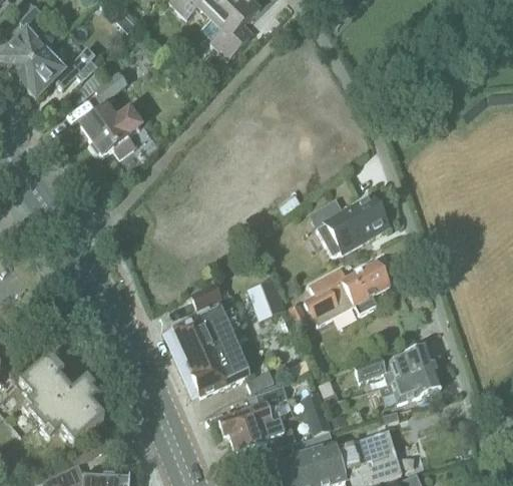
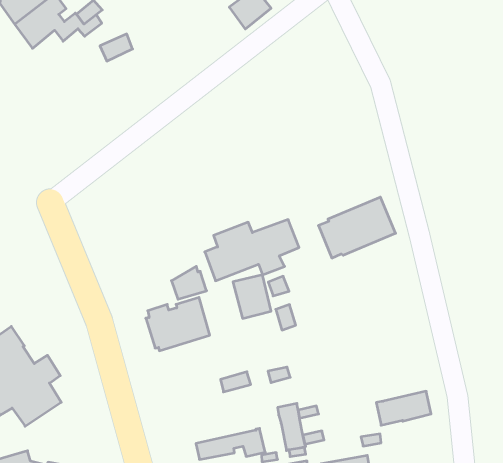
building: [79,106,140,156] -> none
building: [304,261,389,325] -> [205,220,299,281]
building: [185,340,245,395] -> none
building: [353,346,434,381] -> none
building: [218,388,287,440] -> none

